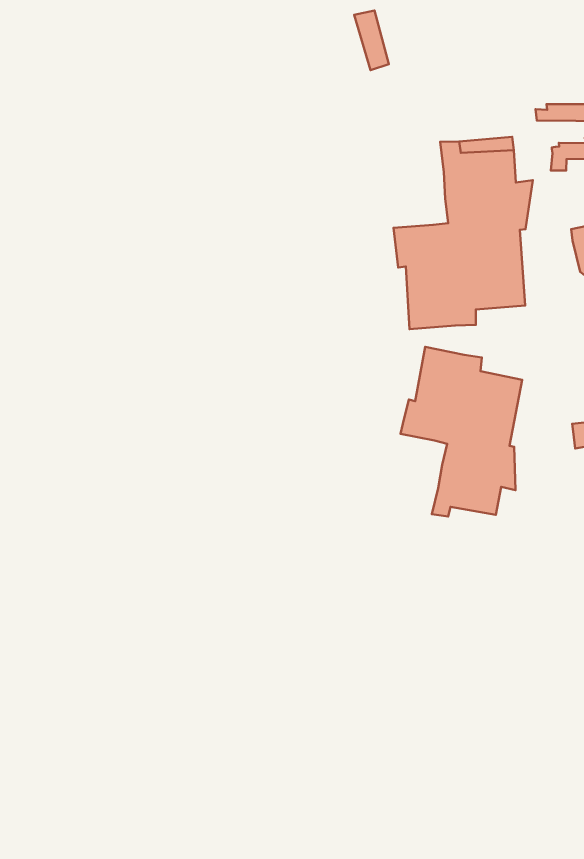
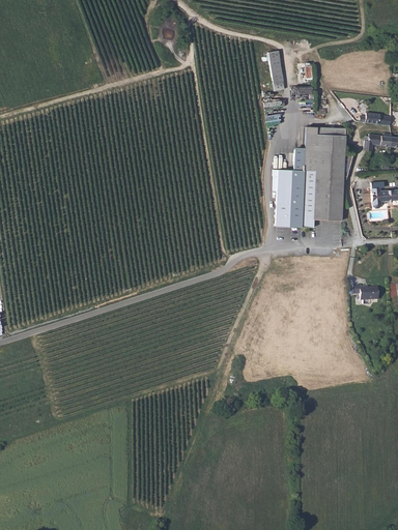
building: [401,347,522,516] -> none

